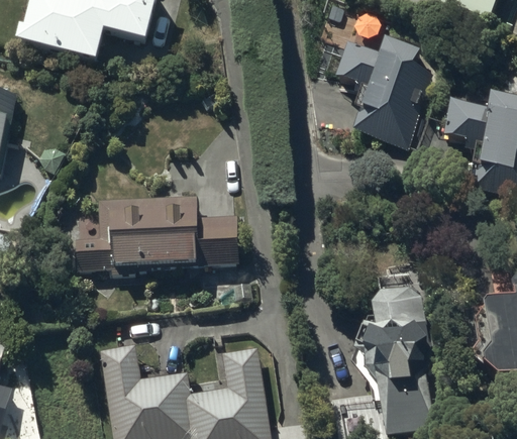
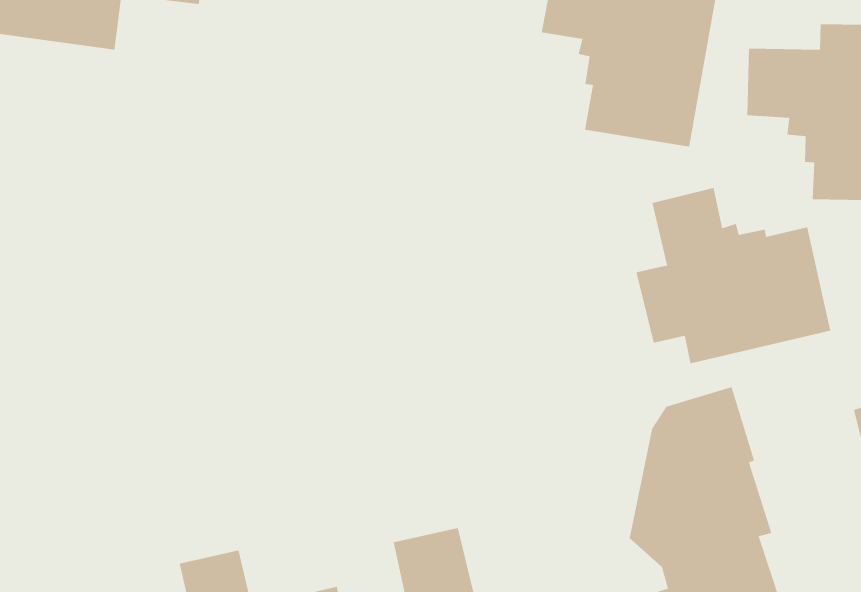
building: none -> [636,187,831,364]
building: [76,197,237,269] -> none

